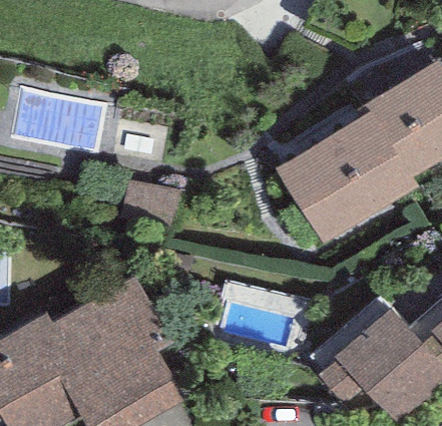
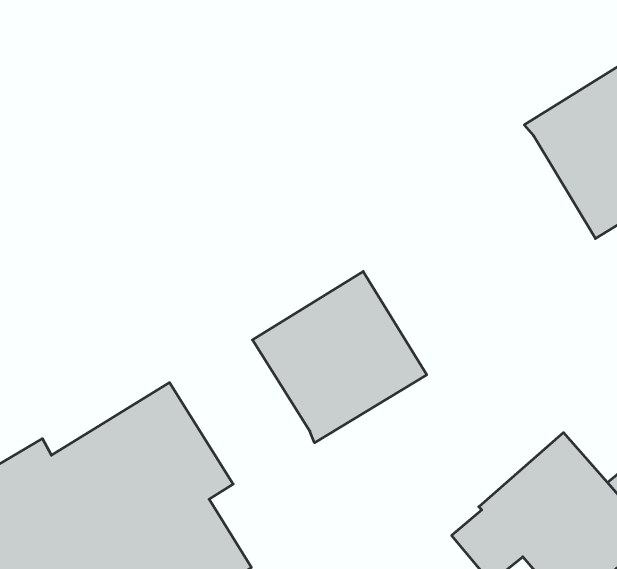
building: [277,109,417,242] -> none
building: none -> [252,271,427,443]

